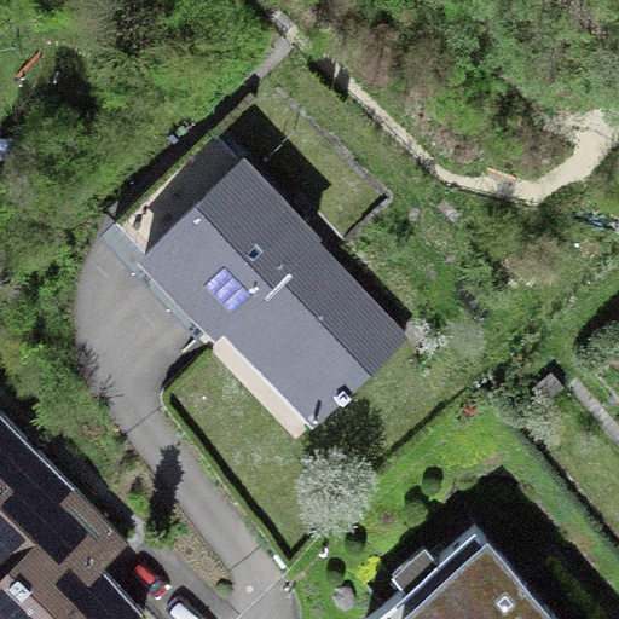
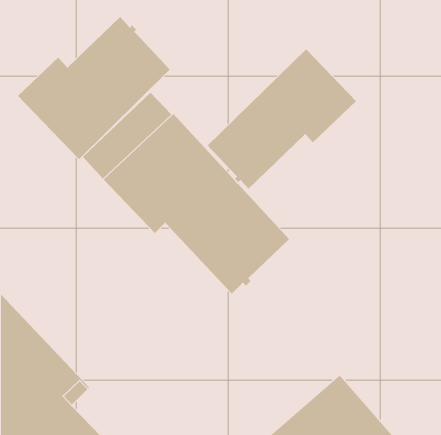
building: none -> [17,16,171,160]
building: none -> [207,48,357,190]

